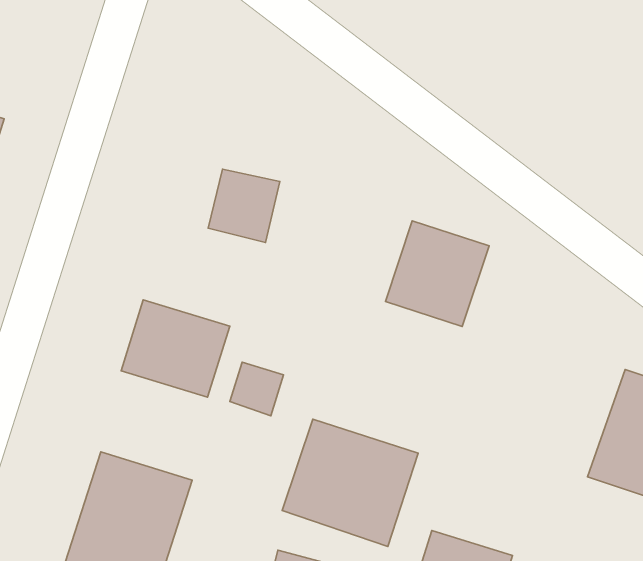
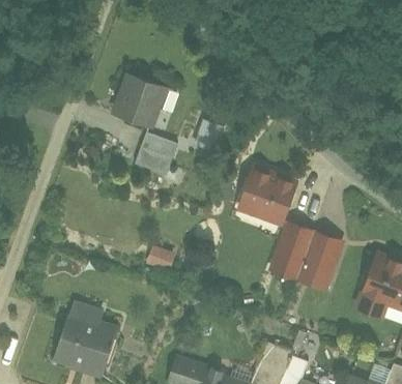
building: none -> [110,70,170,132]
building: [121,300,230,397] -> none
building: [282,419,418,546] -> [269,221,348,295]

